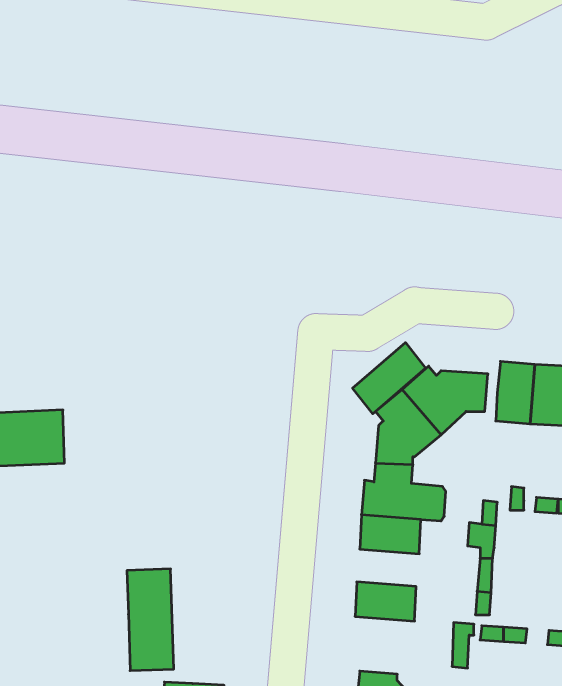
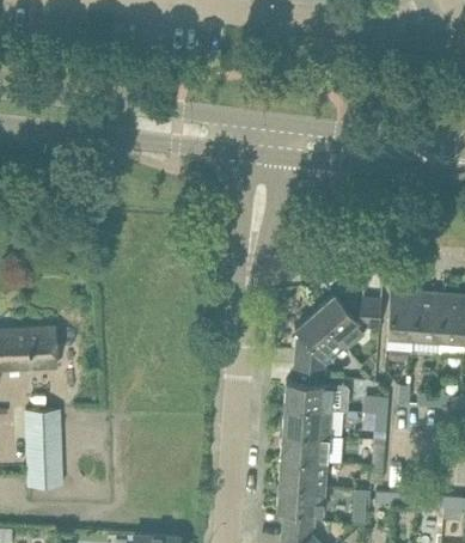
building: [353,343,426,414] -> none
building: none -> [281,433,329,462]
building: [127,569,174,671] -> [26,409,62,487]
building: none -> [277,484,325,529]

